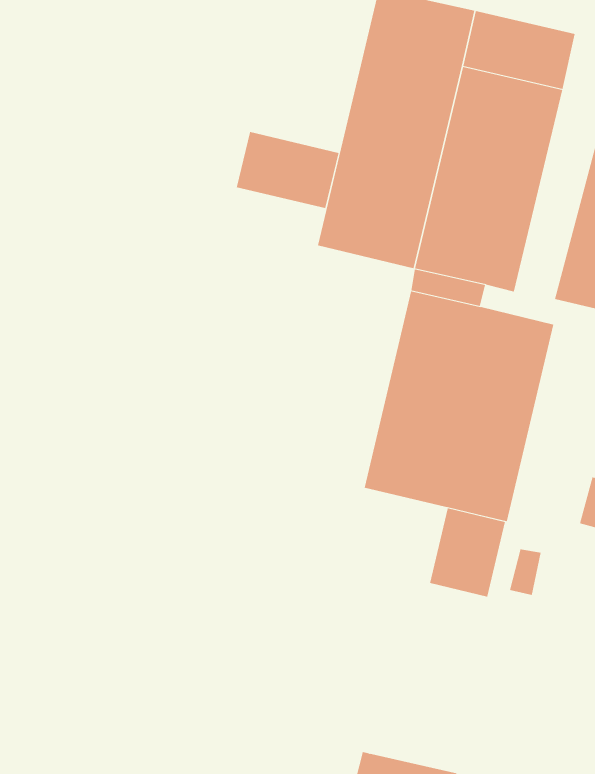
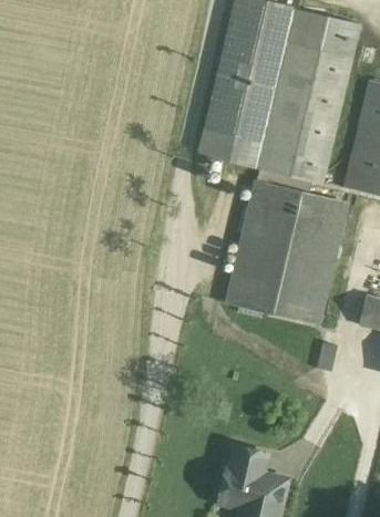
building: [236,131,339,209] -> none
building: [430,508,505,597] -> none
building: none -> [232,446,266,474]

